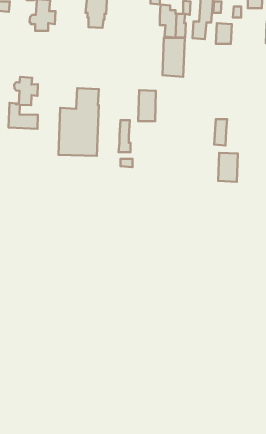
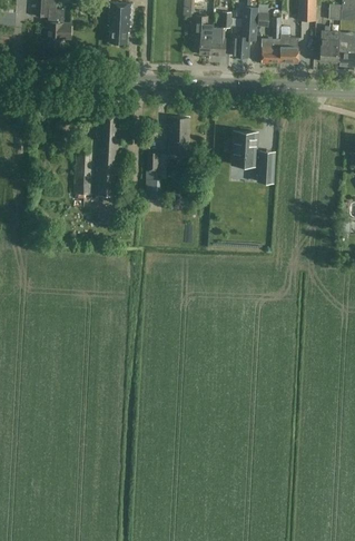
building: none -> [279,33,298,63]
building: [162,38,185,77] -> none
building: [9,77,38,129] -> none
building: [218,153,238,182] -> [234,131,257,166]

